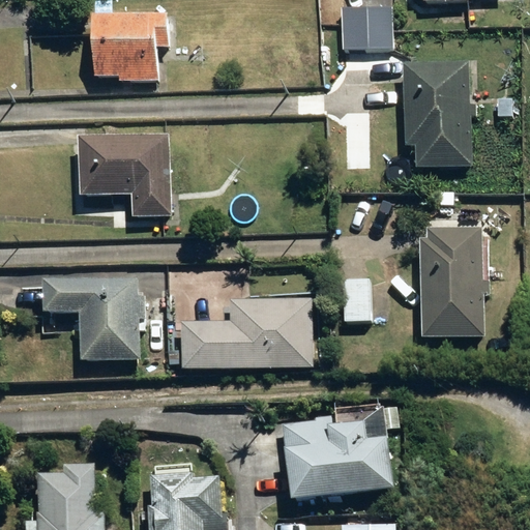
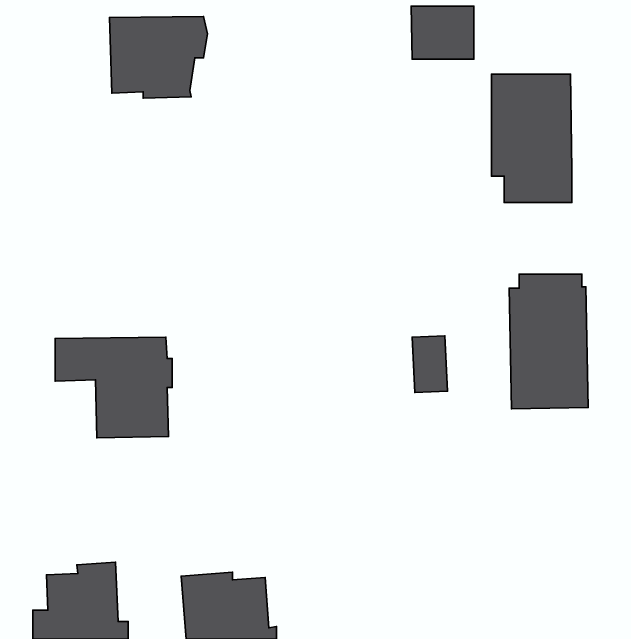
building: [79,132,171,217] -> none
building: [180,298,310,370] -> none
building: [278,415,393,502] -> none

